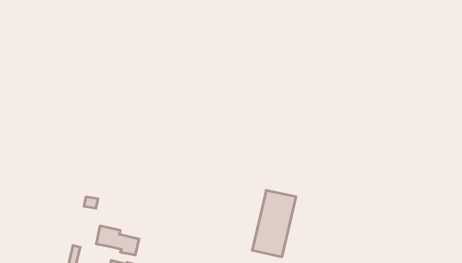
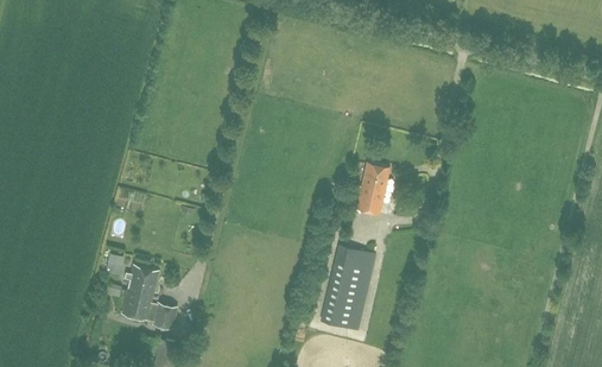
building: none -> [356,162,389,213]
building: none -> [127,264,159,296]

